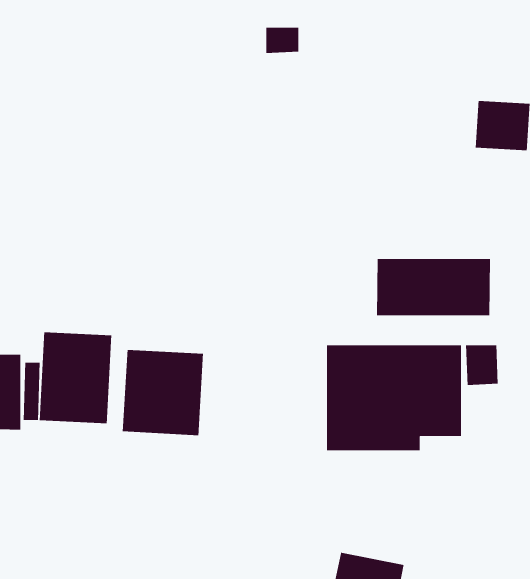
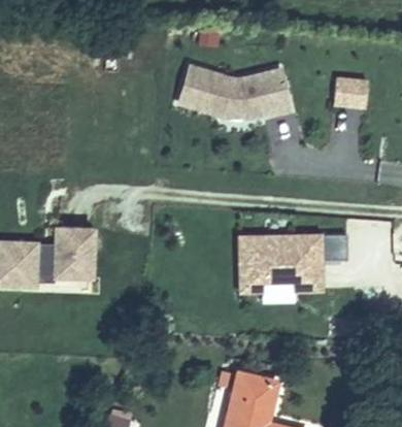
building: none -> [173,64,291,124]
building: [376,258,491,316] -> none
building: [122,349,204,436] -> none

